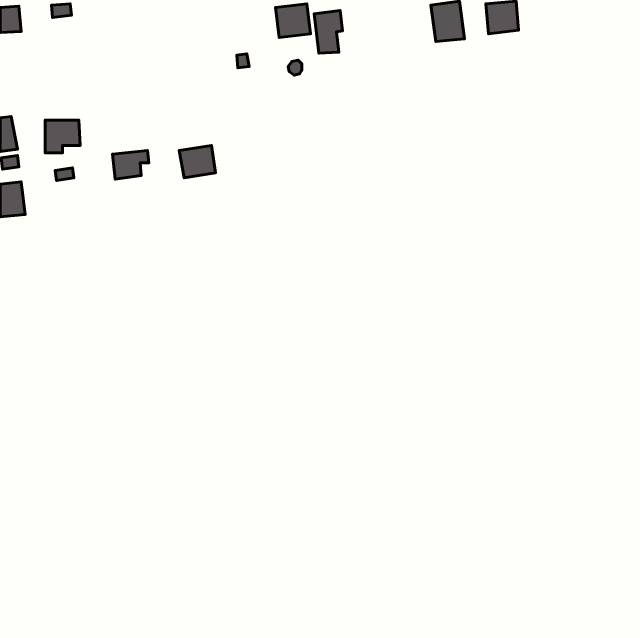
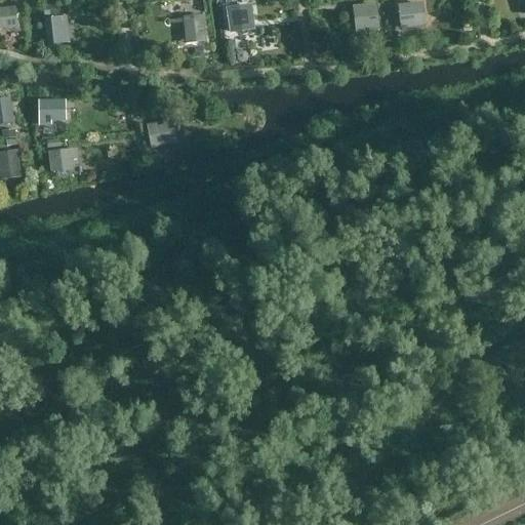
building: [314,11,342,53] -> none
building: none -> [184,12,205,43]
building: none -> [43,14,69,43]
building: [113,150,149,179] -> [49,147,79,170]

